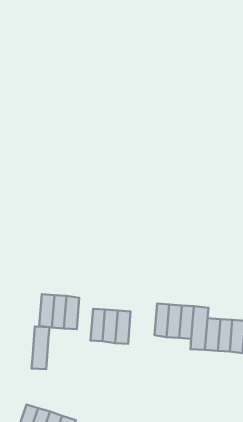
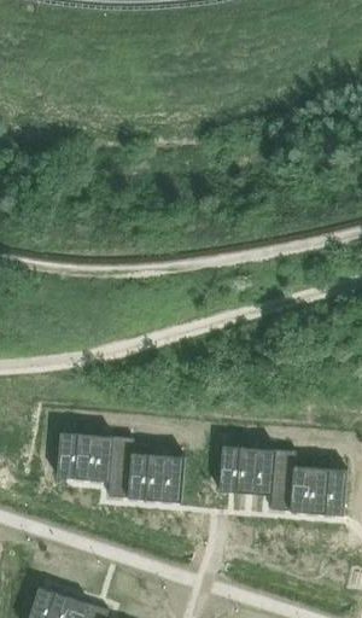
building: [32,326,49,369] -> [109,437,134,497]

